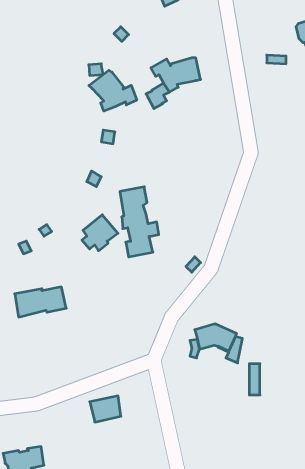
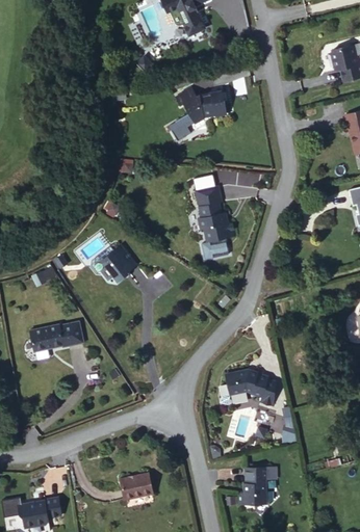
building: [89,70,137,111] -> none
building: [120,187,159,257] -> [194,185,235,260]
building: [90,396,121,422] -> [120,474,153,502]
building: none -> [238,467,276,505]

